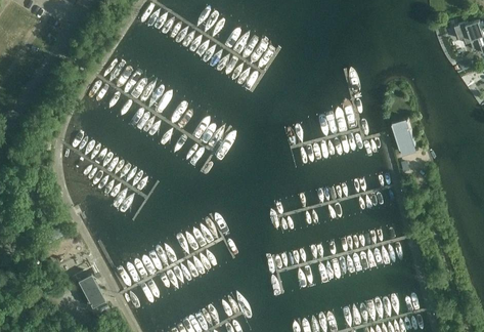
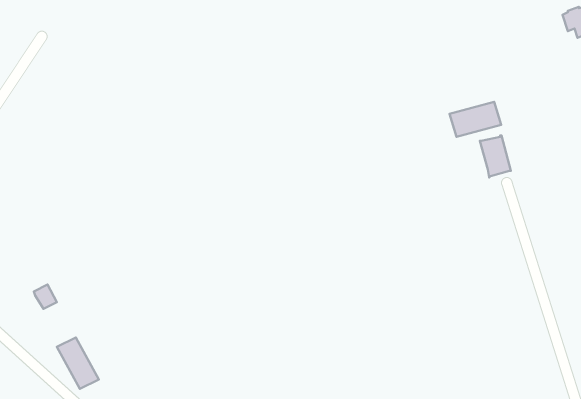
building: none -> [450,102,501,137]

